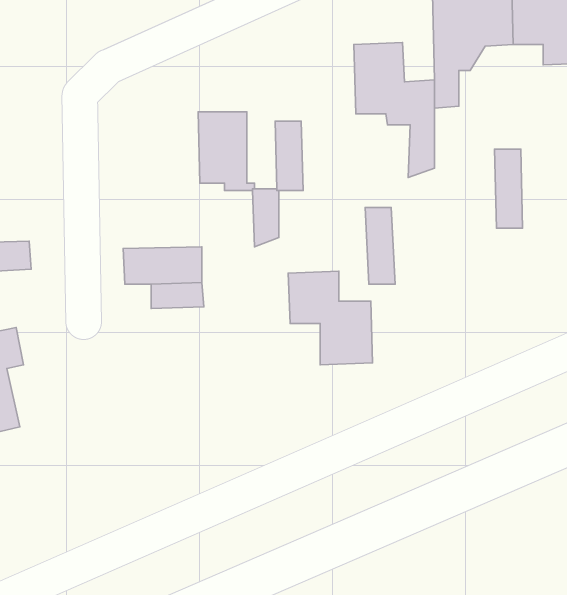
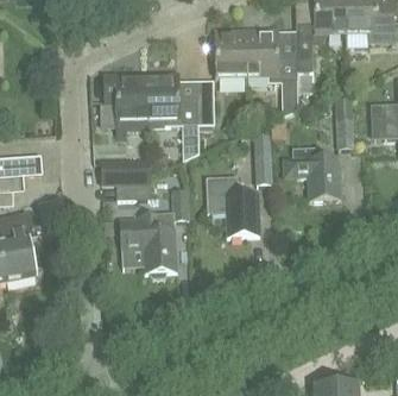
building: none -> [216,31,247,76]
building: none -> [105,74,149,142]
building: none -> [282,146,341,199]
building: none -> [120,189,189,276]

